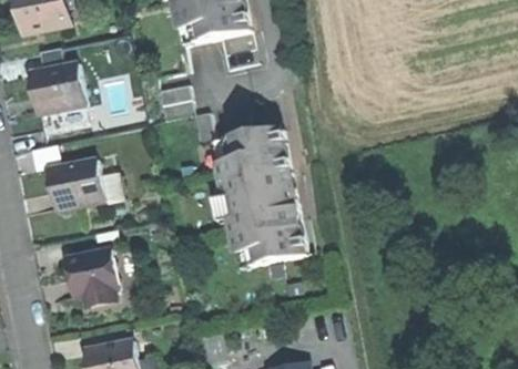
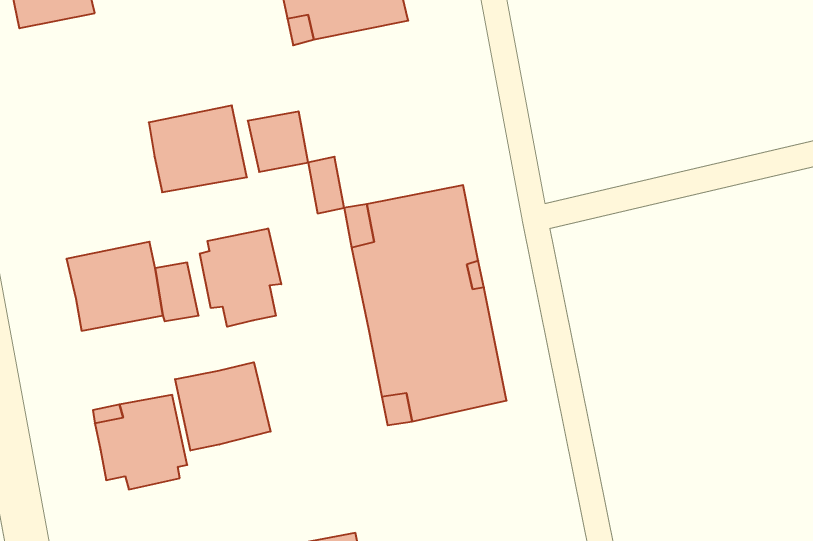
building: [29,61,87,112] -> [149,105,247,192]
building: none -> [200,228,281,327]
building: none -> [175,362,271,451]

